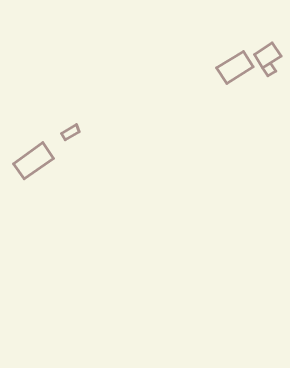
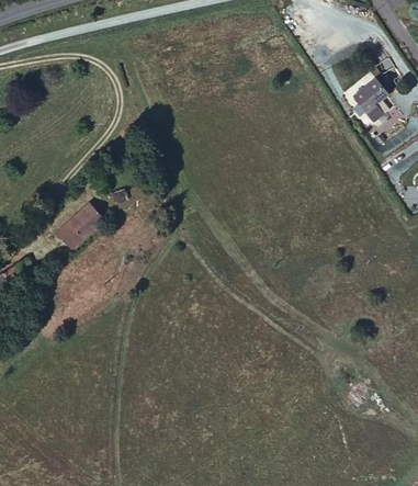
building: [216,52,253,84] -> none

